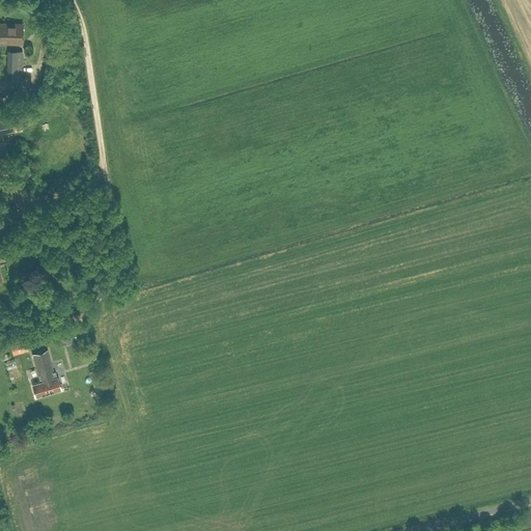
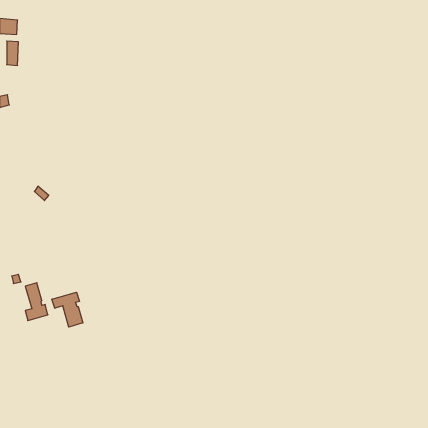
building: none -> [52,292,83,327]

